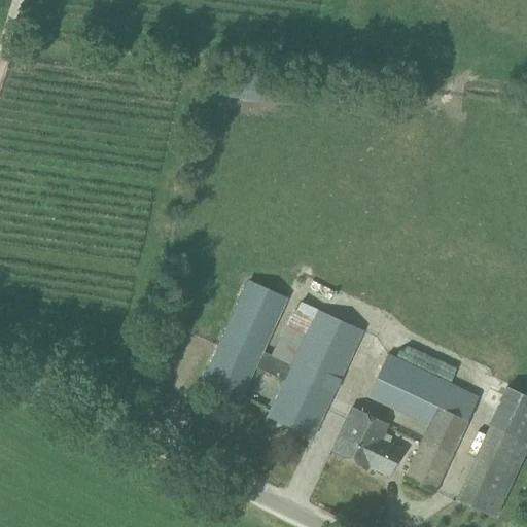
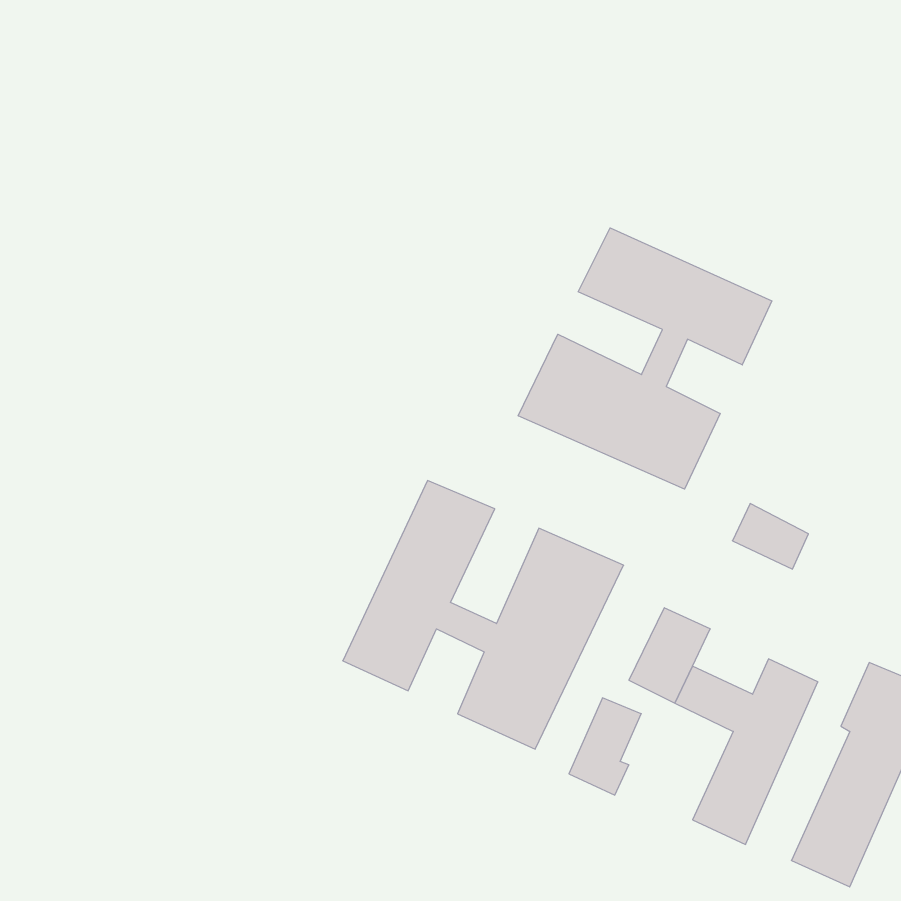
building: none -> [518,228,772,489]
building: [405,366,449,405] -> [732,504,808,569]
building: [359,416,401,476] -> none

